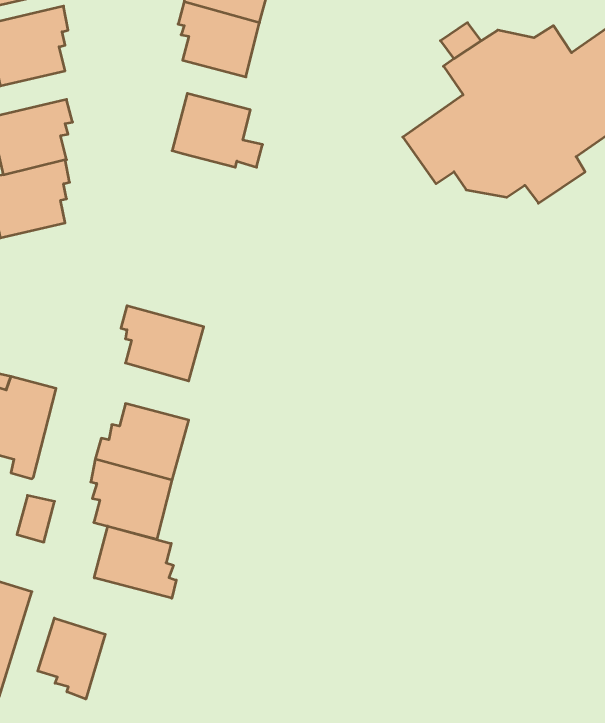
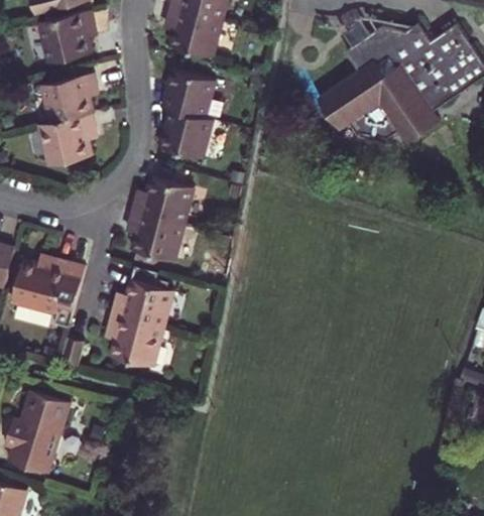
building: none -> [159,110,212,159]
building: none -> [132,177,193,226]
building: [94,526,176,598] -> none
building: [38,618,105,699] -> none

